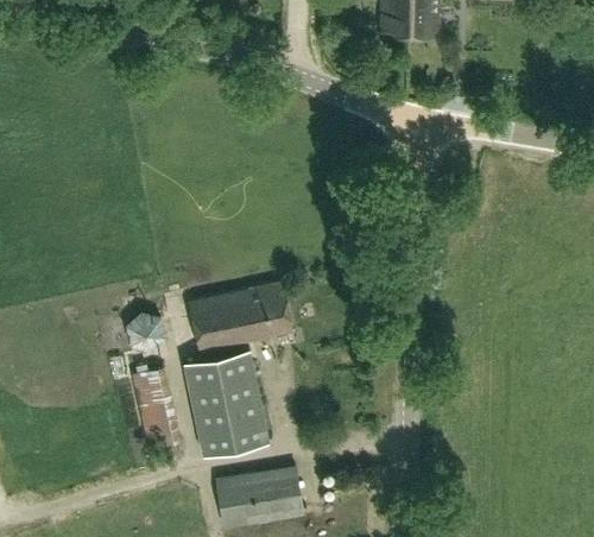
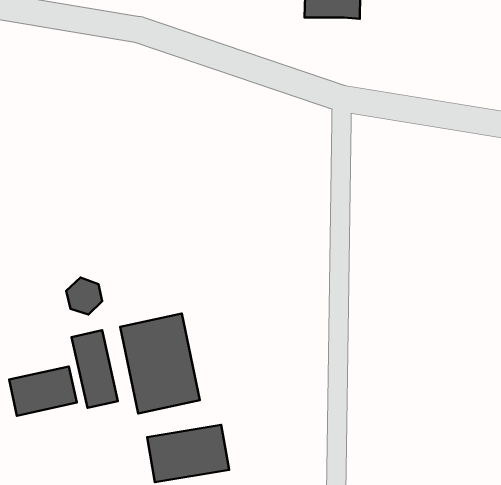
building: [188,283,291,350] -> none
building: none -> [9,366,77,416]

